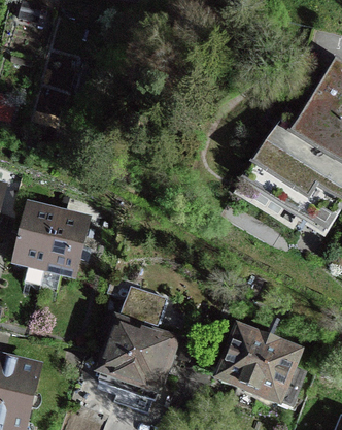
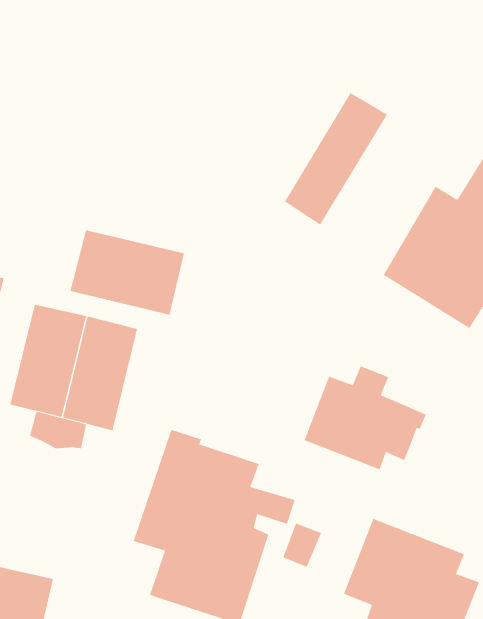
building: none -> [284,92,388,225]
building: none -> [70,230,184,316]
building: none -> [304,365,426,470]

